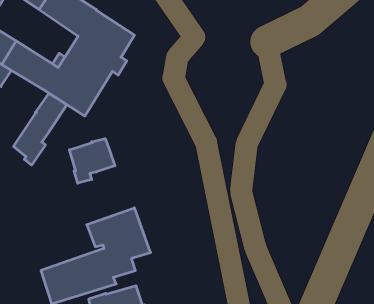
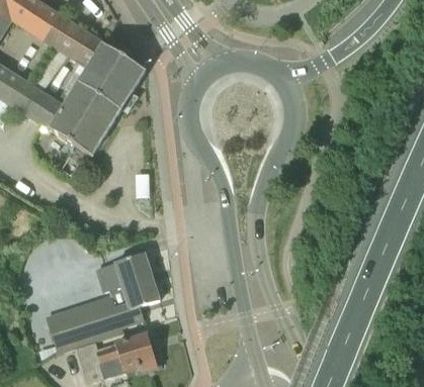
building: [14,93,67,165] -> none
building: [69,139,115,183] -> none

